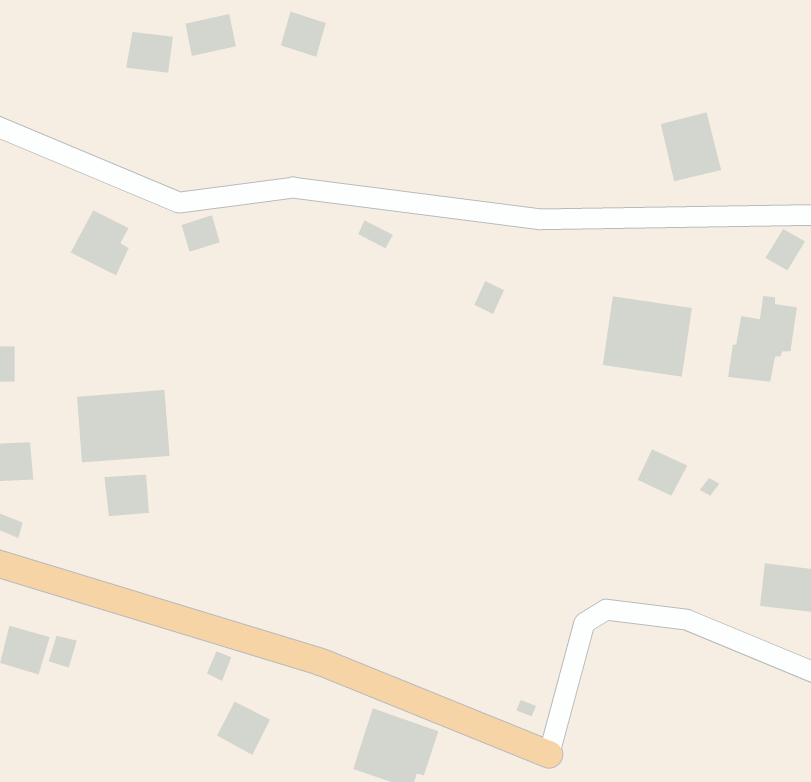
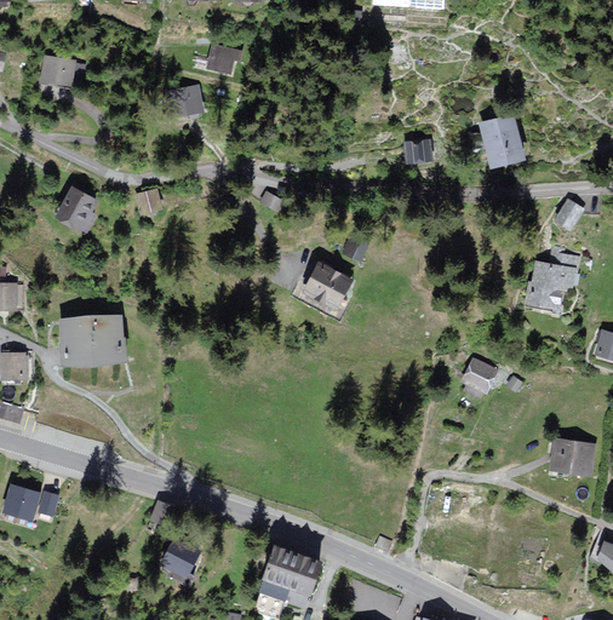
building: [185,13,237,57] -> [166,85,204,116]
building: [125,31,174,73] -> [40,57,75,87]
building: none -> [403,139,432,166]
building: [602,295,693,377] -> none
building: none -> [304,260,355,309]
building: [103,474,150,517] -> none

